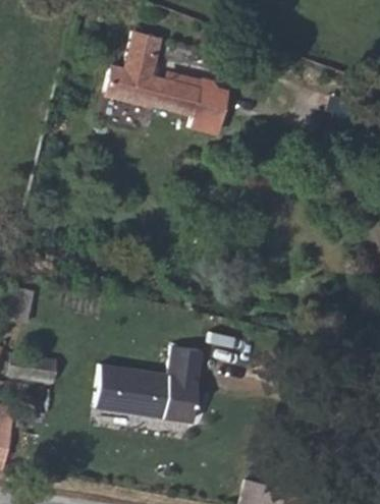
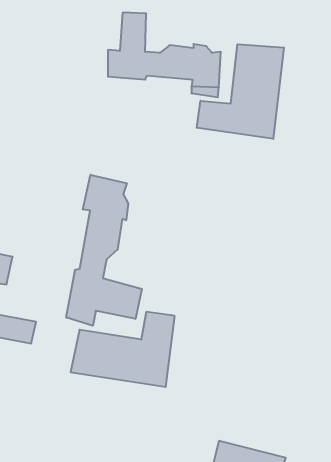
building: none -> [197,44,284,139]
building: none -> [66,175,142,326]

